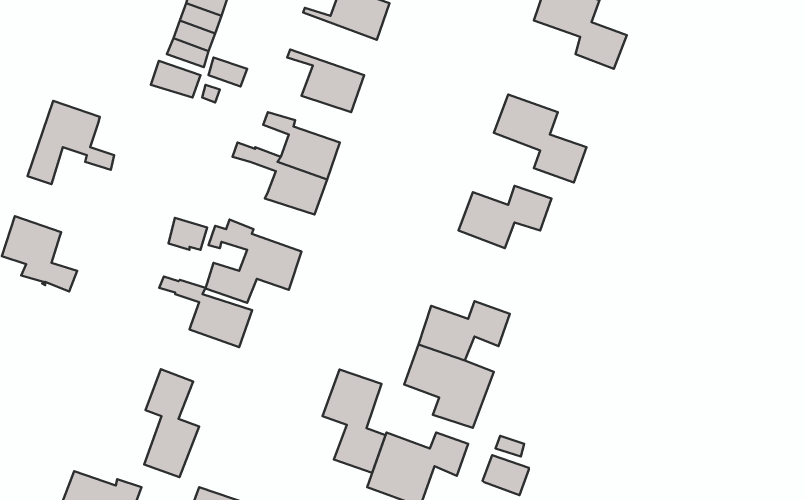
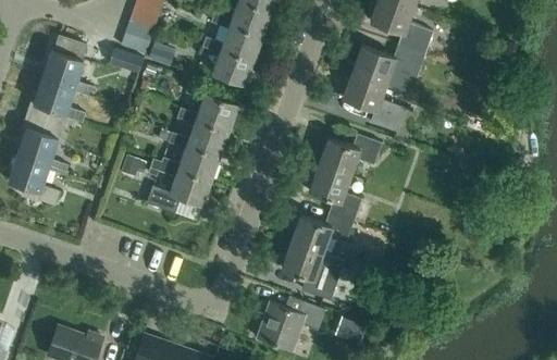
building: none -> [205,15,263,58]
building: none -> [44,37,94,96]
building: none -> [352,44,424,89]
building: none -> [17,107,69,174]
building: none -> [309,163,361,220]
building: [159,277,252,347] -> [158,129,221,177]
building: [144,369,199,477] -> none
building: [323,369,386,473] -> none

